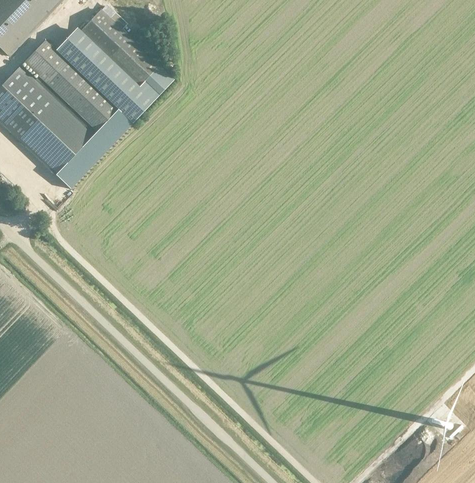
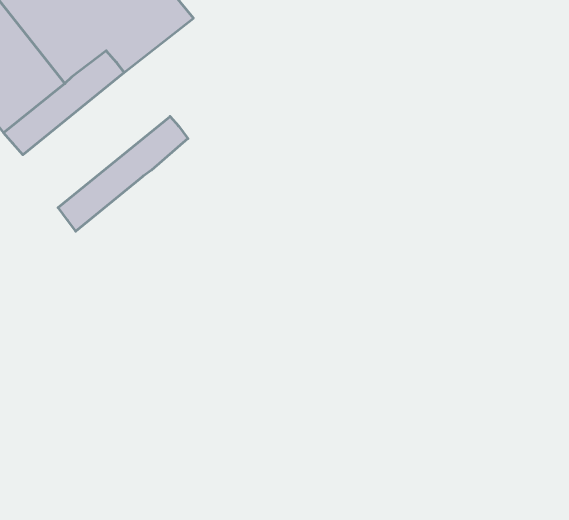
building: none -> [58,116,188,231]

